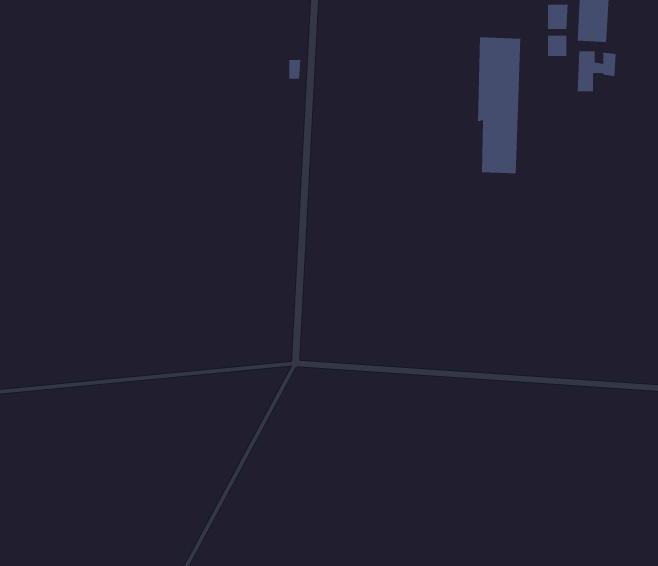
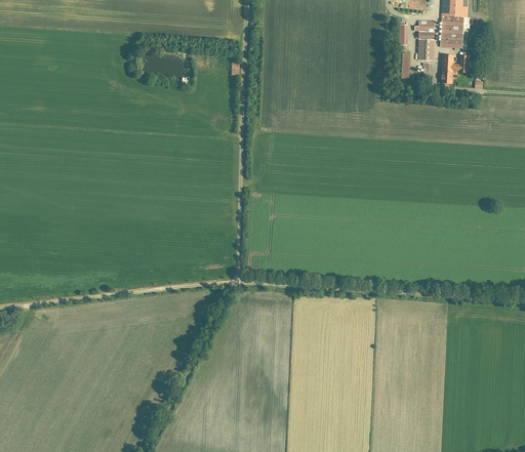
building: [477,37,521,174] -> none

